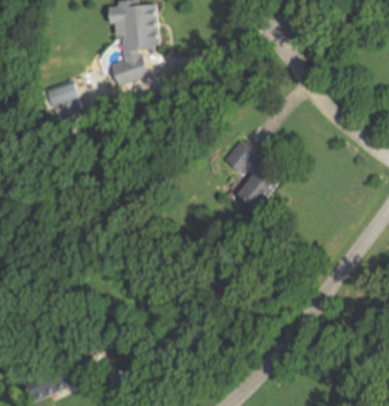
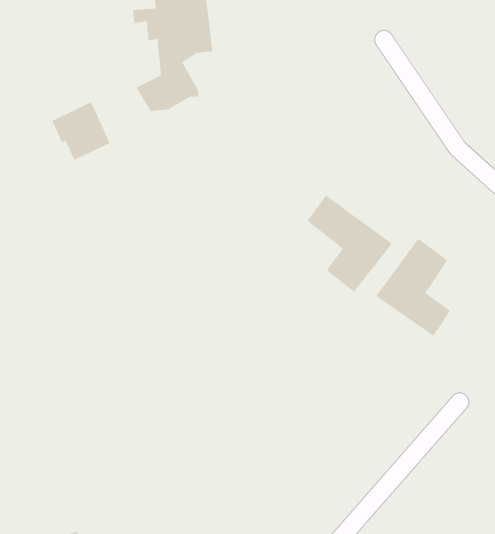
building: none -> [375,238,451,337]

